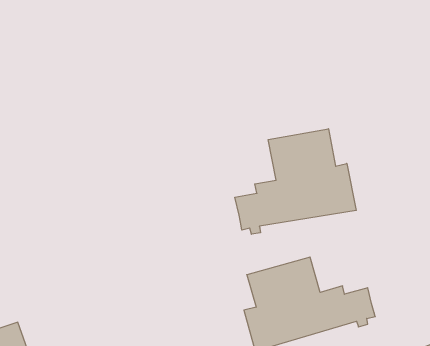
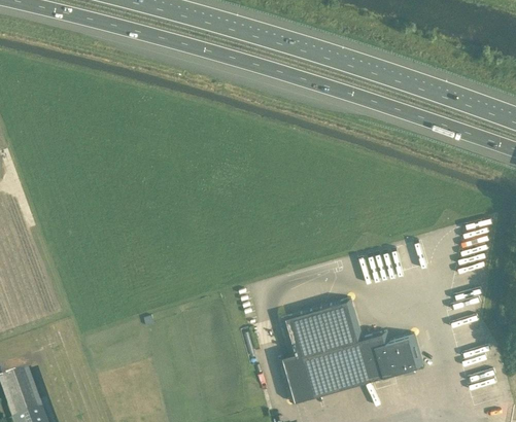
building: [235,129,356,234] -> none

